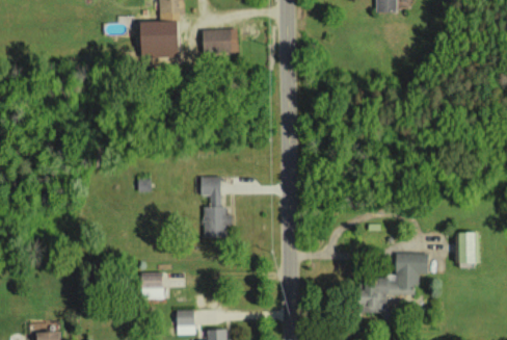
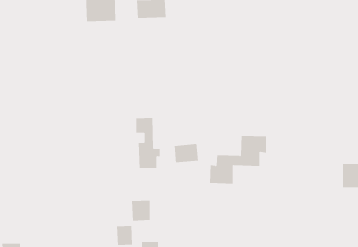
building: none -> [174,143,199,163]
building: [357,253,429,313] -> [209,135,267,184]
building: [140,272,164,298] -> [131,200,150,221]

